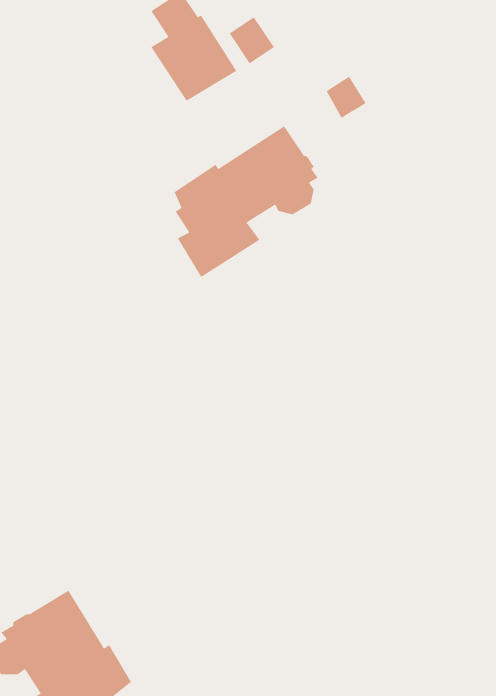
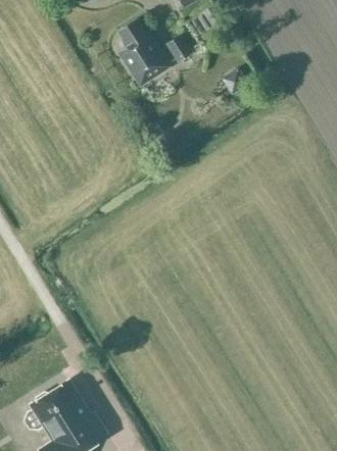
building: [174,125,318,278] -> none

